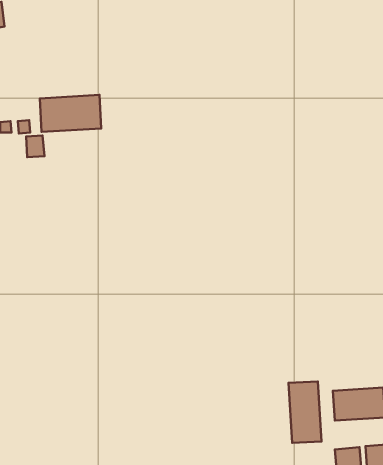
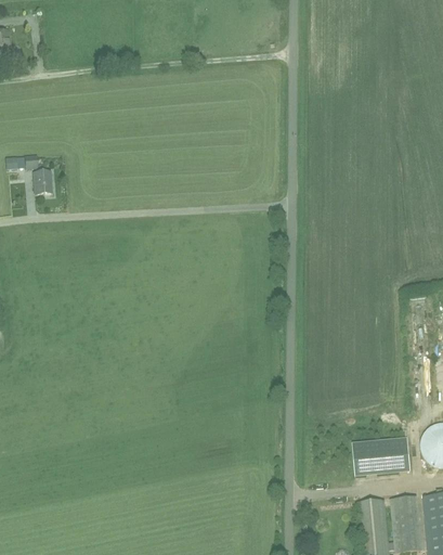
building: [40,95,101,132] -> none
building: [289,381,322,443] -> none

